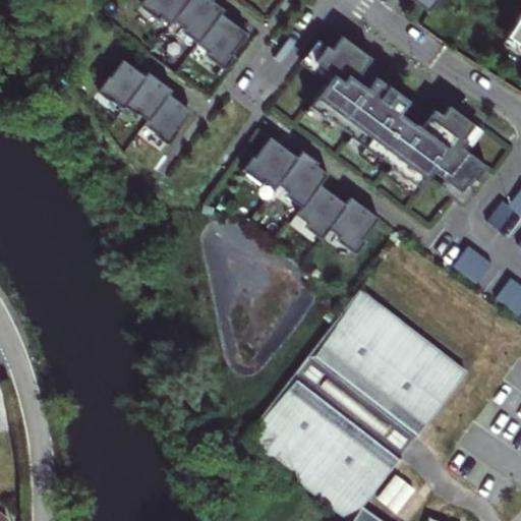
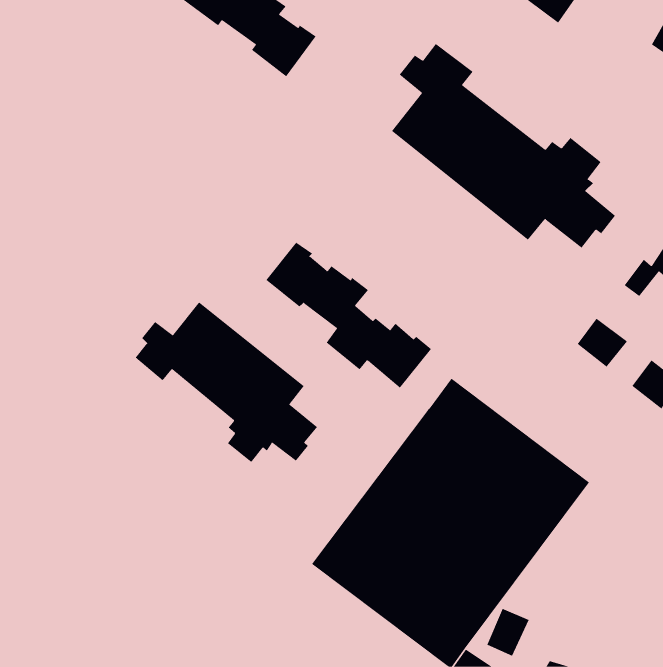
building: [102,57,191,137] -> none
building: [248,136,378,250] -> [266,242,432,388]
building: none -> [135,302,318,463]

